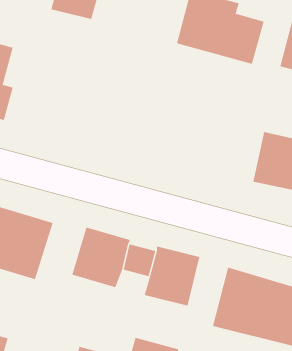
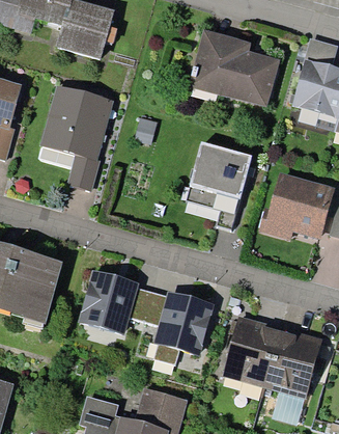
building: none -> [40,85,119,192]
building: none -> [190,137,255,224]

